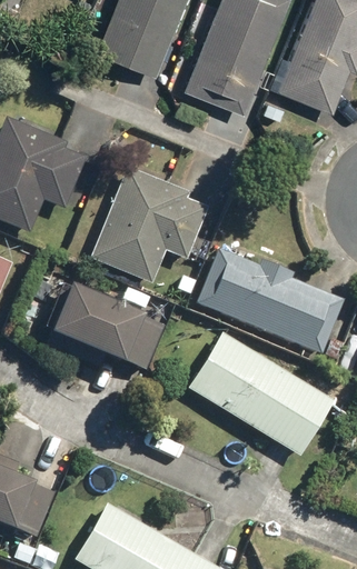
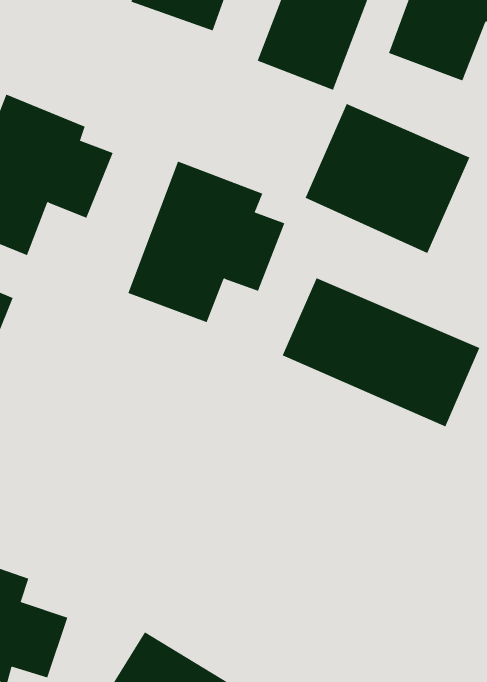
building: none -> [305,103,470,254]
building: [23,284,165,371] -> none
building: [188,330,337,459] -> none

